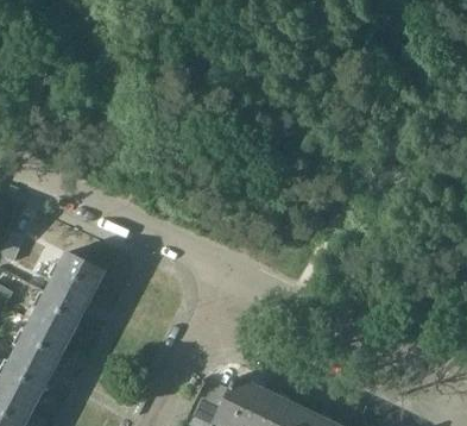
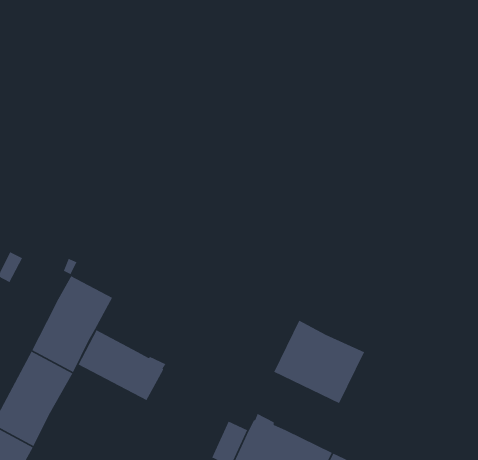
building: none -> [273,320,365,404]
building: none -> [78,329,166,401]

